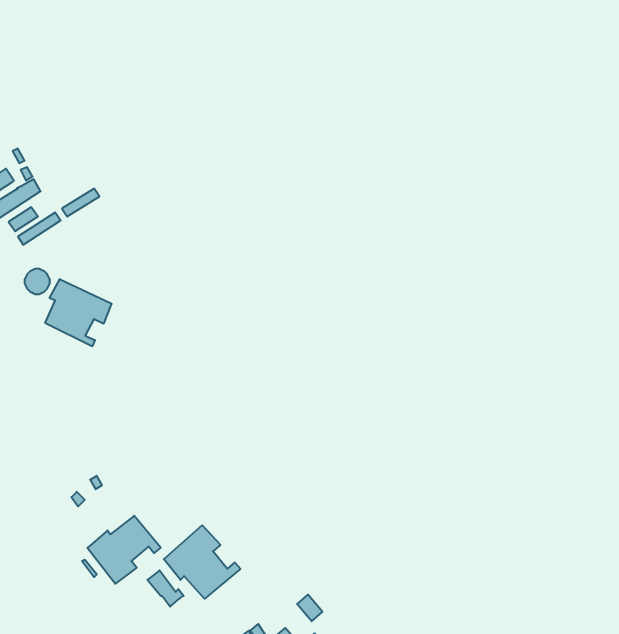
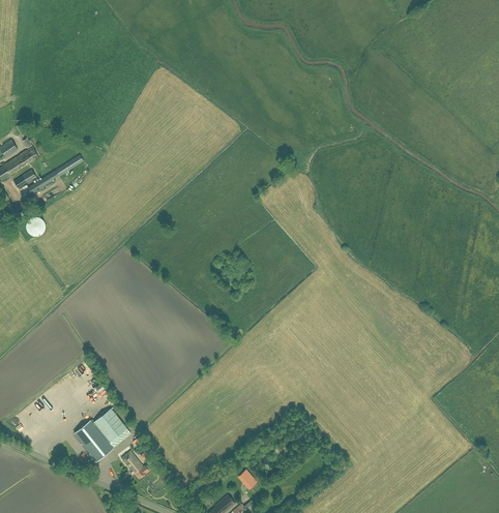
building: [45,279,112,346] -> none
building: [164,525,240,599] -> none

